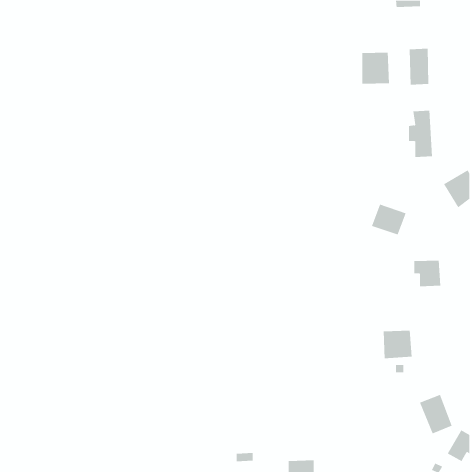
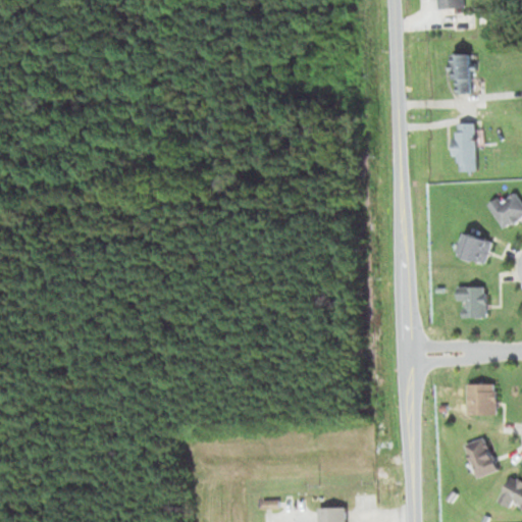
building: [362,52,389,84] -> none
building: [371,204,406,235] -> [455,231,493,266]
building: [383,330,412,359] -> [466,383,499,415]

